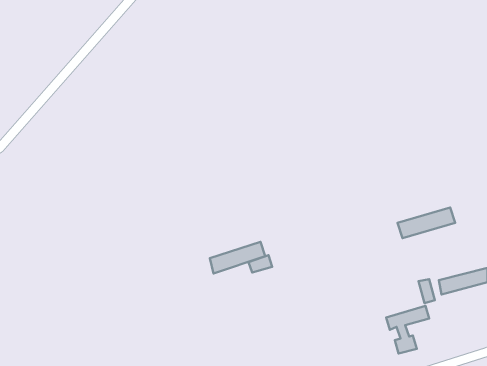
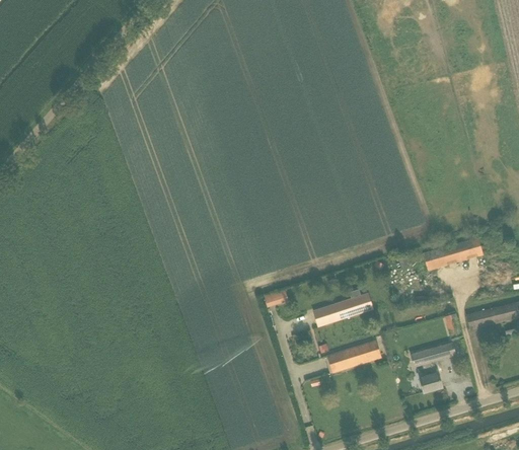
building: [210,242,265,273] -> [313,294,372,327]
building: none -> [326,342,380,372]

